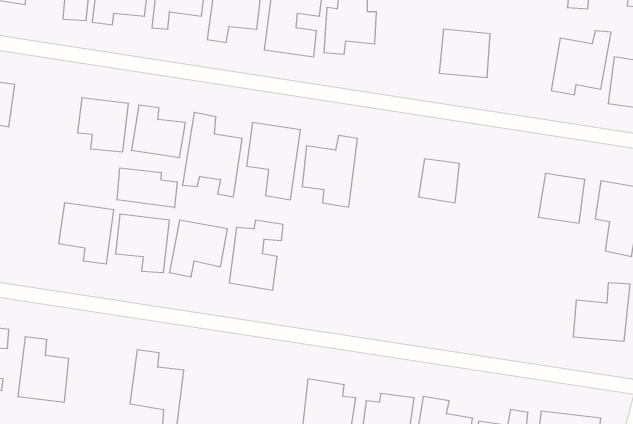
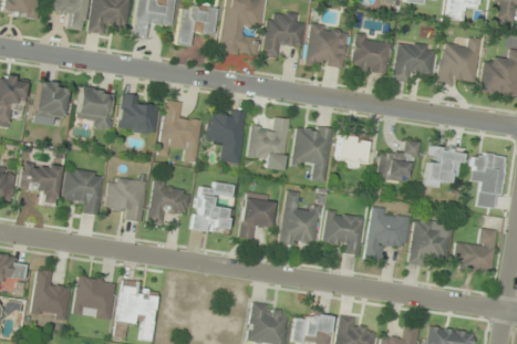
building: none -> [304,24,349,70]
building: none -> [393,42,434,82]
building: none -> [34,81,68,121]
building: none -> [290,125,332,181]
building: none -> [376,140,417,183]
building: [117,168,177,208] -> none
building: none -> [22,163,60,206]
building: none -> [278,190,319,248]
building: none -> [239,198,273,239]
building: none -> [364,208,410,261]
building: none -> [322,210,364,257]
building: none -> [407,218,451,265]
building: none -> [72,277,115,320]

